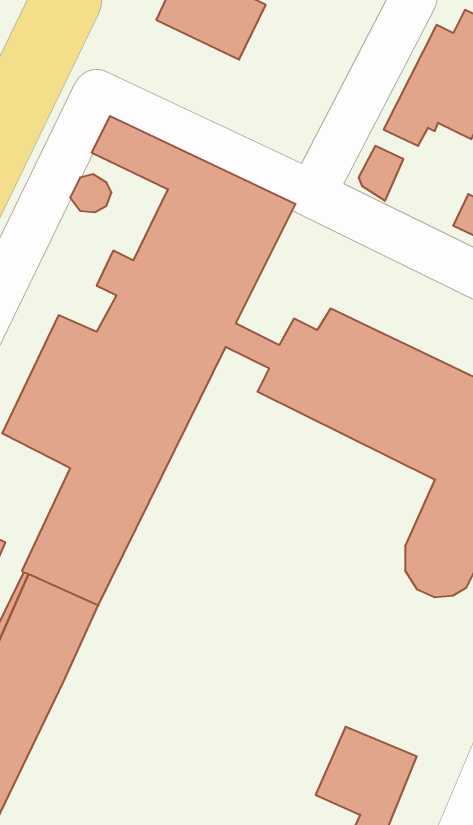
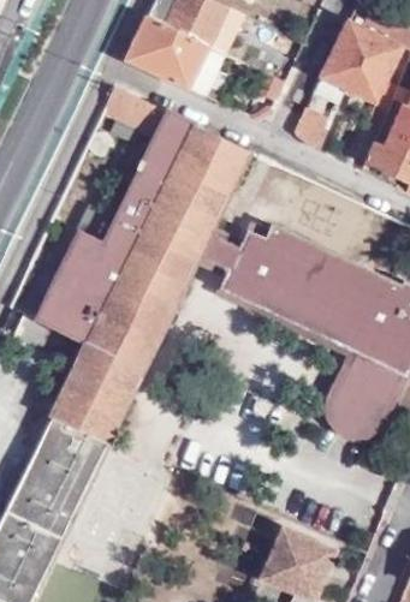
building: none -> [127,17,208,89]

